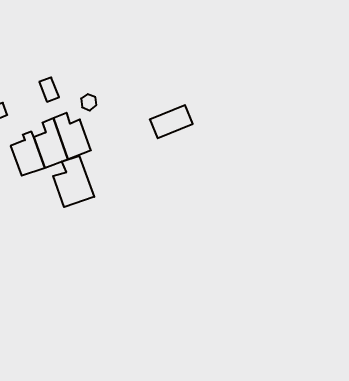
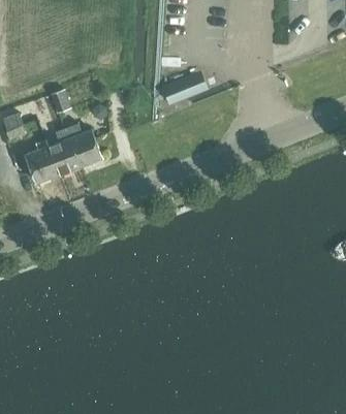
building: [150,105,193,138] -> [161,73,201,104]
building: [53,156,94,207] -> none

